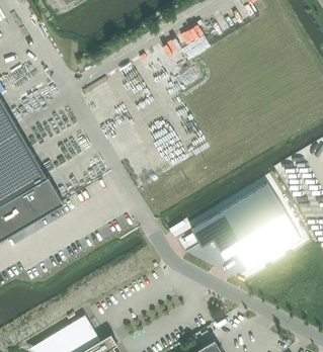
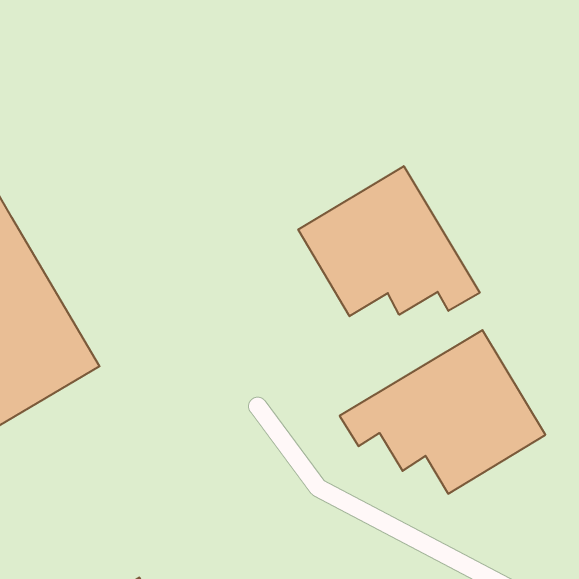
building: none -> [298,166,480,316]

